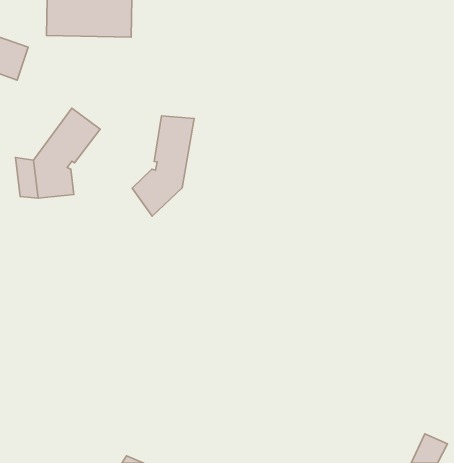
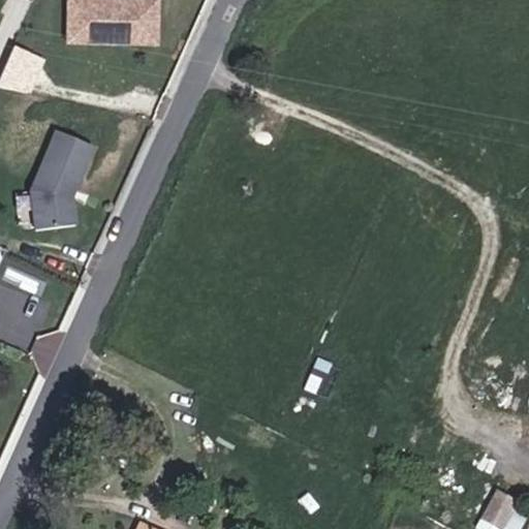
building: [132,116,194,216] -> none

